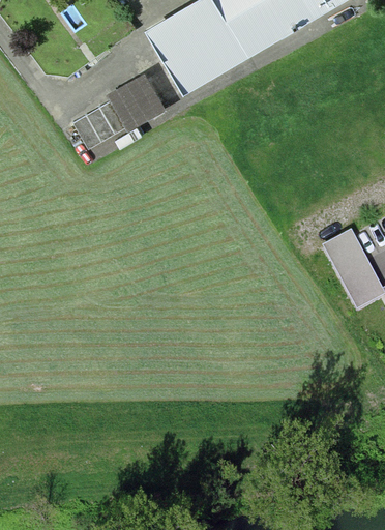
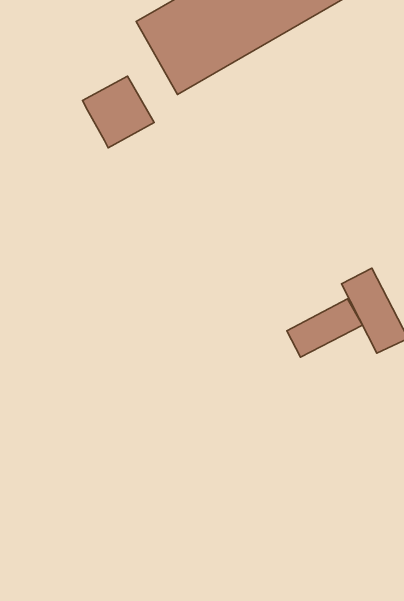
building: [72,101,126,149] -> none
building: none -> [287,299,362,357]

